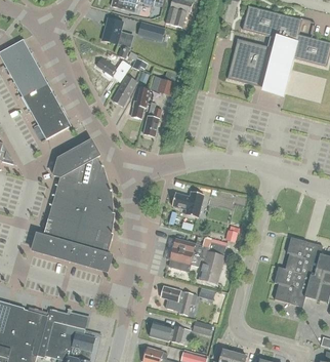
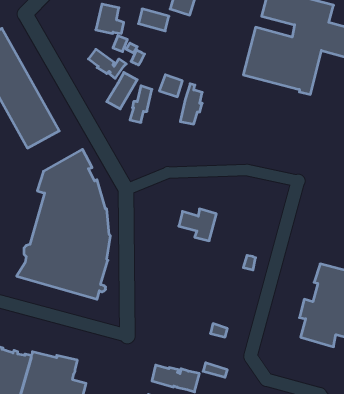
building: [143,102,162,135] -> [180,84,202,124]
building: [168,237,225,283] -> none
building: [161,285,197,315] -> none

